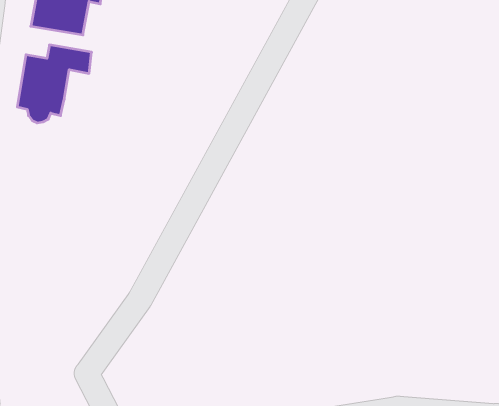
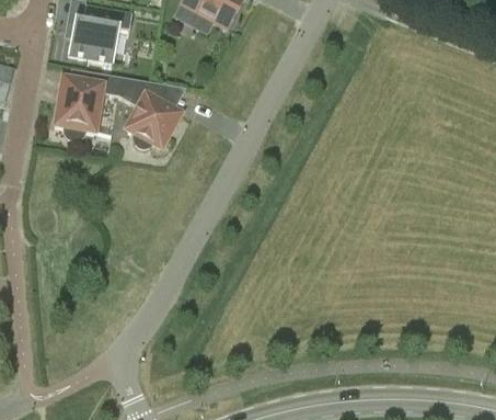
building: none -> [118,77,180,147]

